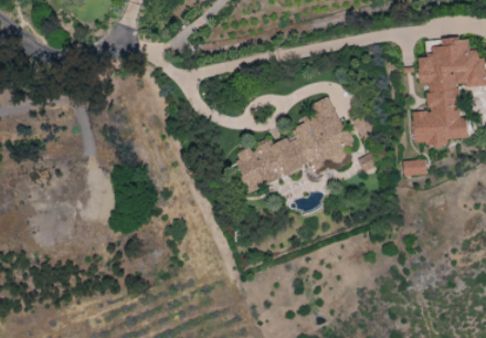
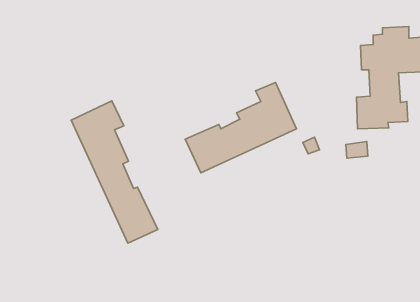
building: none -> [71,101,158,243]

